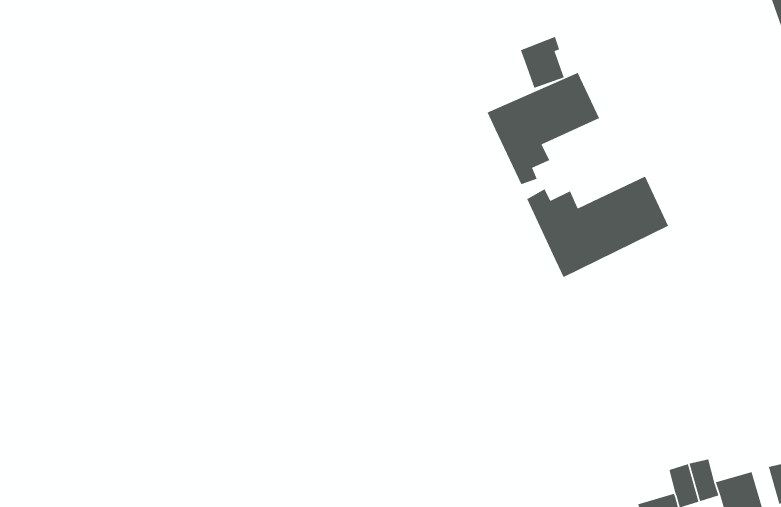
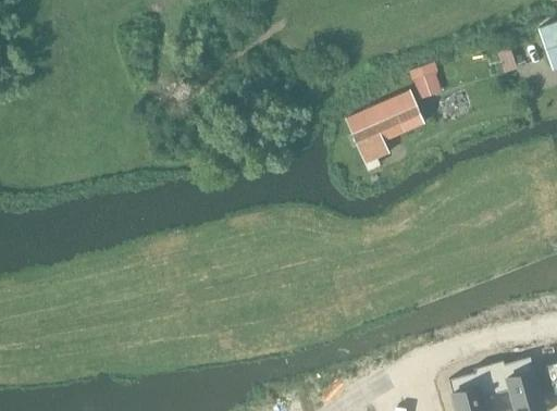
building: [520,36,565,89] -> [411,62,443,99]
building: [526,176,669,278] -> none

